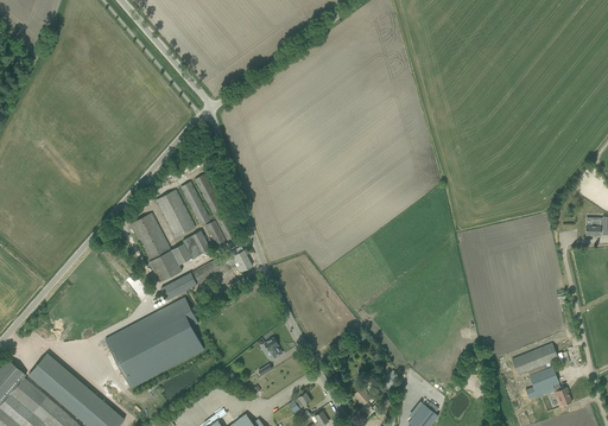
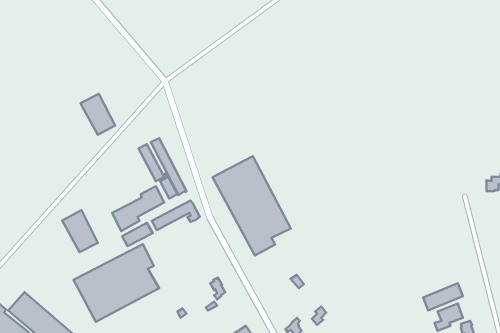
building: [154,190,195,237] -> [80,94,115,135]
building: none -> [213,156,291,256]
building: [129,212,171,261] -> [62,210,98,252]

